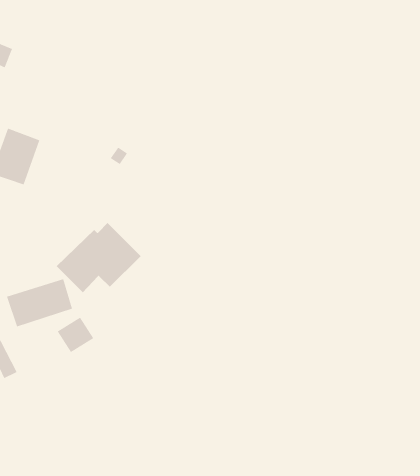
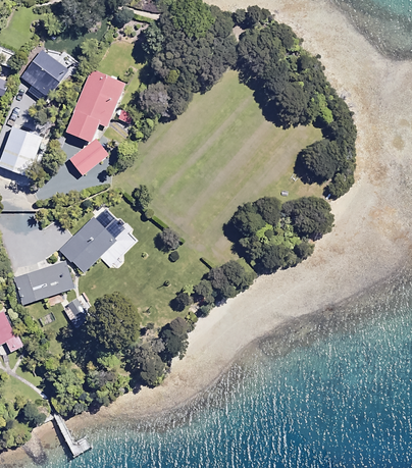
building: none -> [22,49,69,95]
building: none -> [66,68,126,172]

